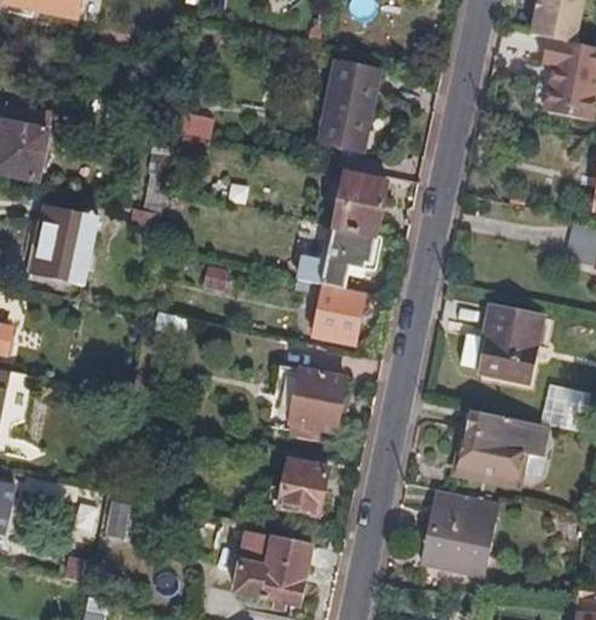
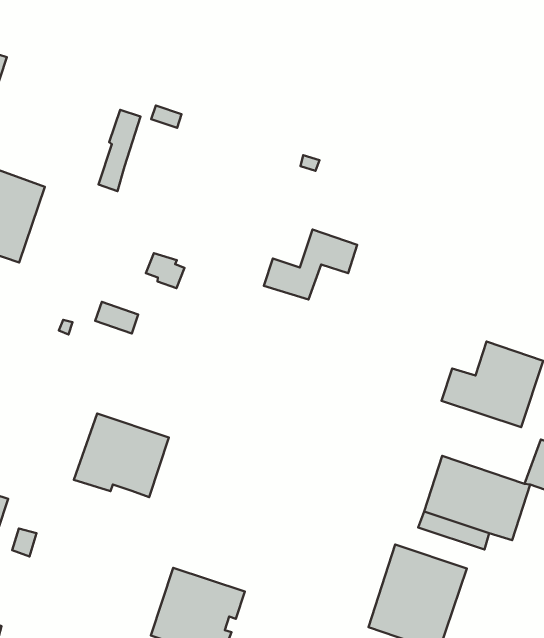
building: [317,61,378,149] -> none
building: [333,174,388,236] -> none
building: [294,281,363,344] -> none
building: [267,366,344,432] -> [74,414,169,497]
building: [277,461,327,518] -> none

